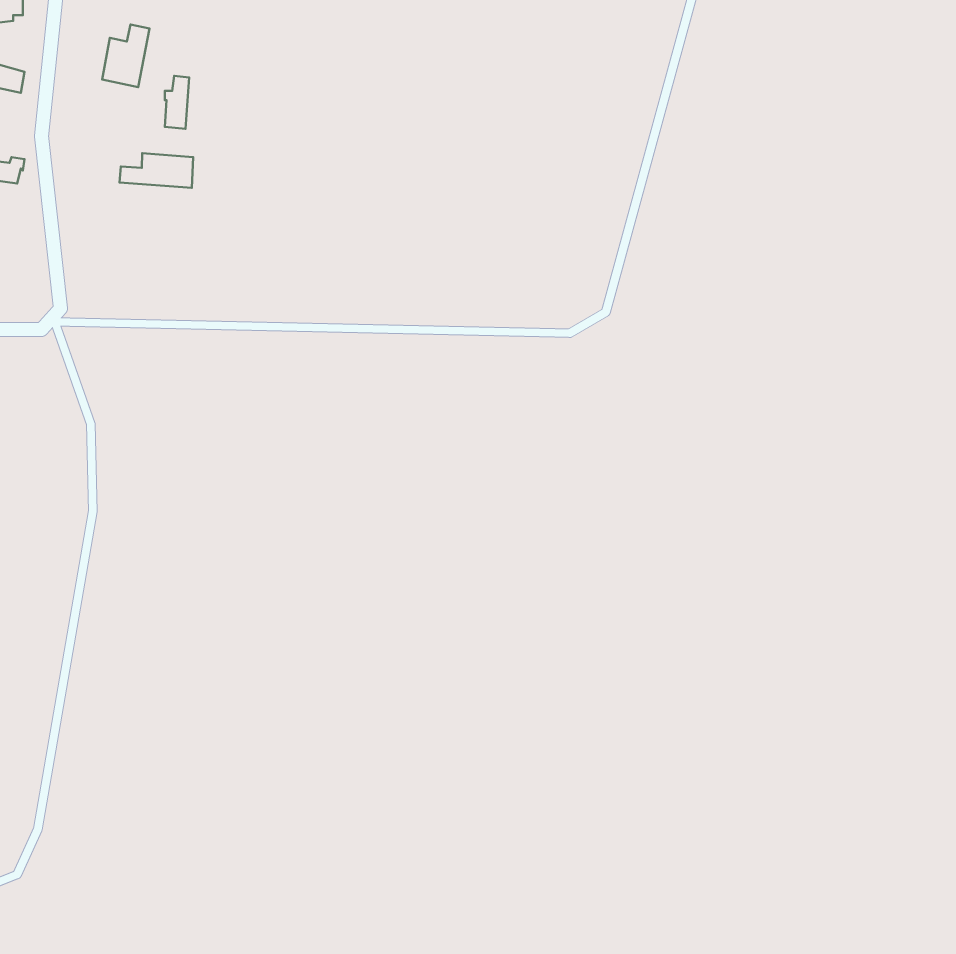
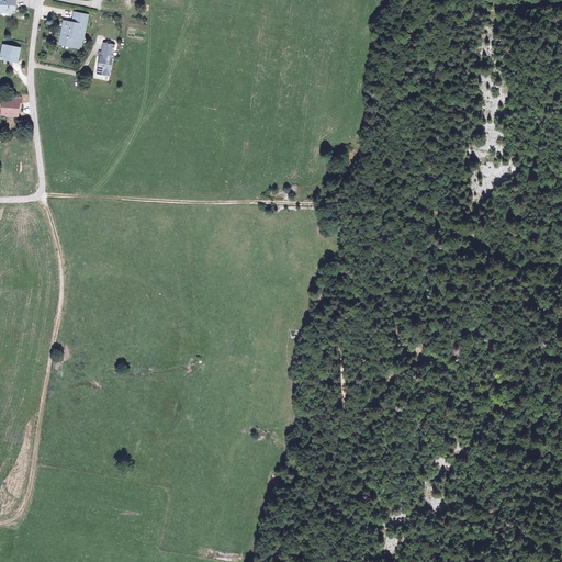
building: [120,153,193,188] -> none

